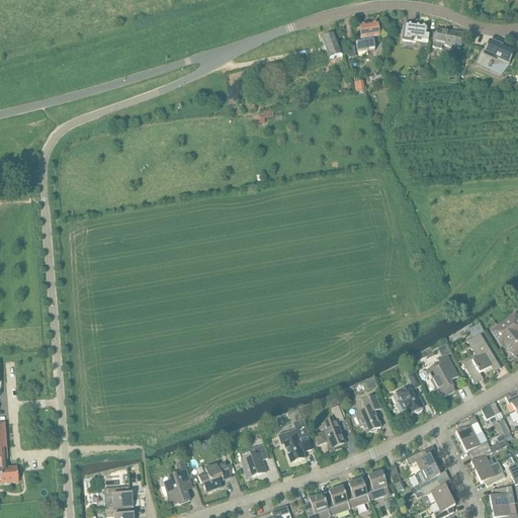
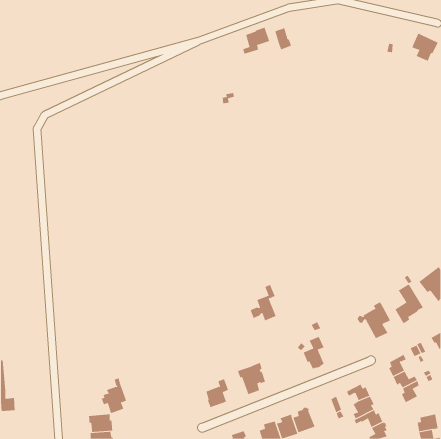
building: [356,21,379,51] -> none
building: [402,22,428,41] -> none
building: [432,26,463,48] -> none
building: none -> [243,27,270,55]
building: [396,371,424,414] -> none
building: [314,404,345,447] -> [250,284,276,321]
building: [161,460,191,503] -> [101,378,127,414]
building: [198,460,231,491] -> none
building: [476,460,505,486] -> none
building: [362,469,390,499] -> none

